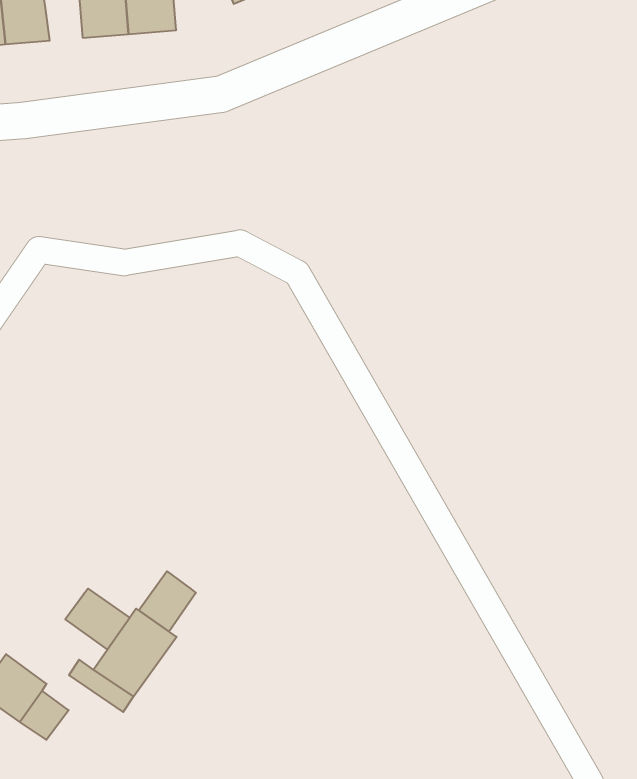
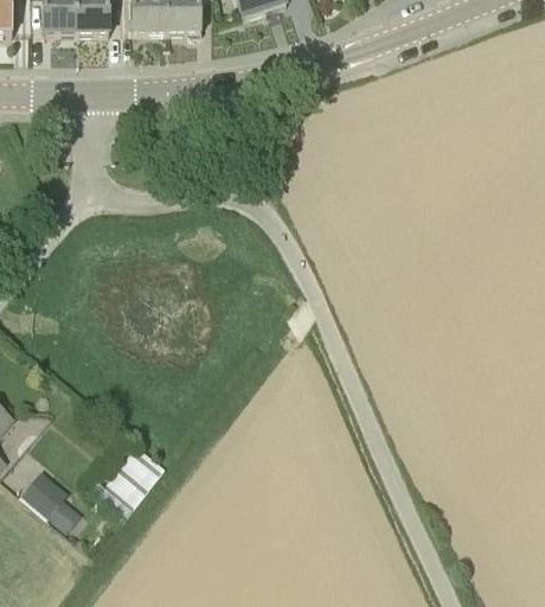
building: [139,571,196,631] -> none
building: [65,589,130,650] -> none

